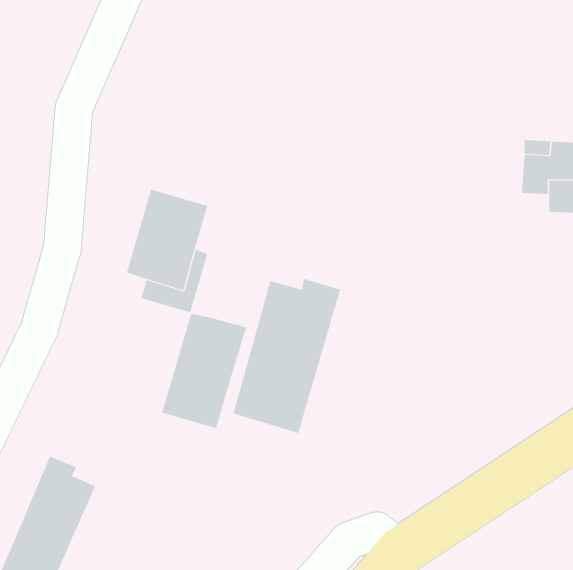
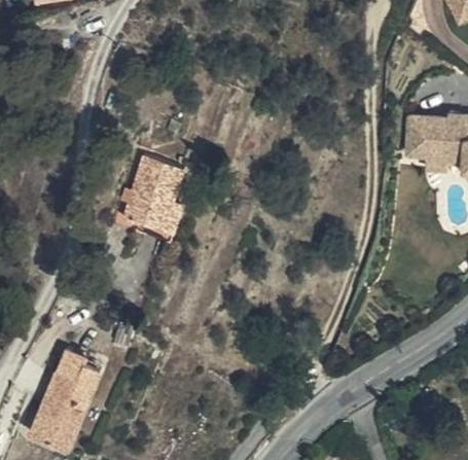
building: [233,278,341,434] -> none
building: [162,313,247,429] -> none

